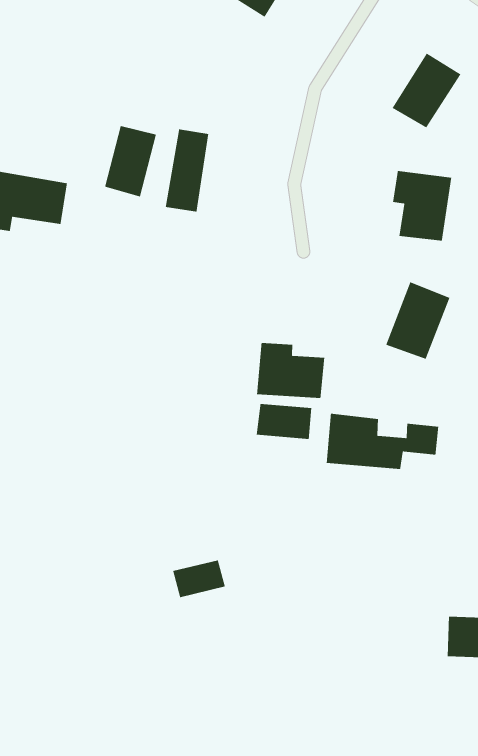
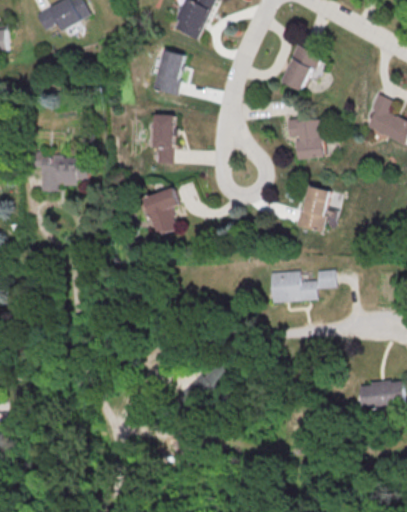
building: [104,125,157,198] -> [154,51,181,93]
building: none -> [146,188,180,235]
building: [256,342,325,399] -> none
building: [256,403,312,440] -> none

